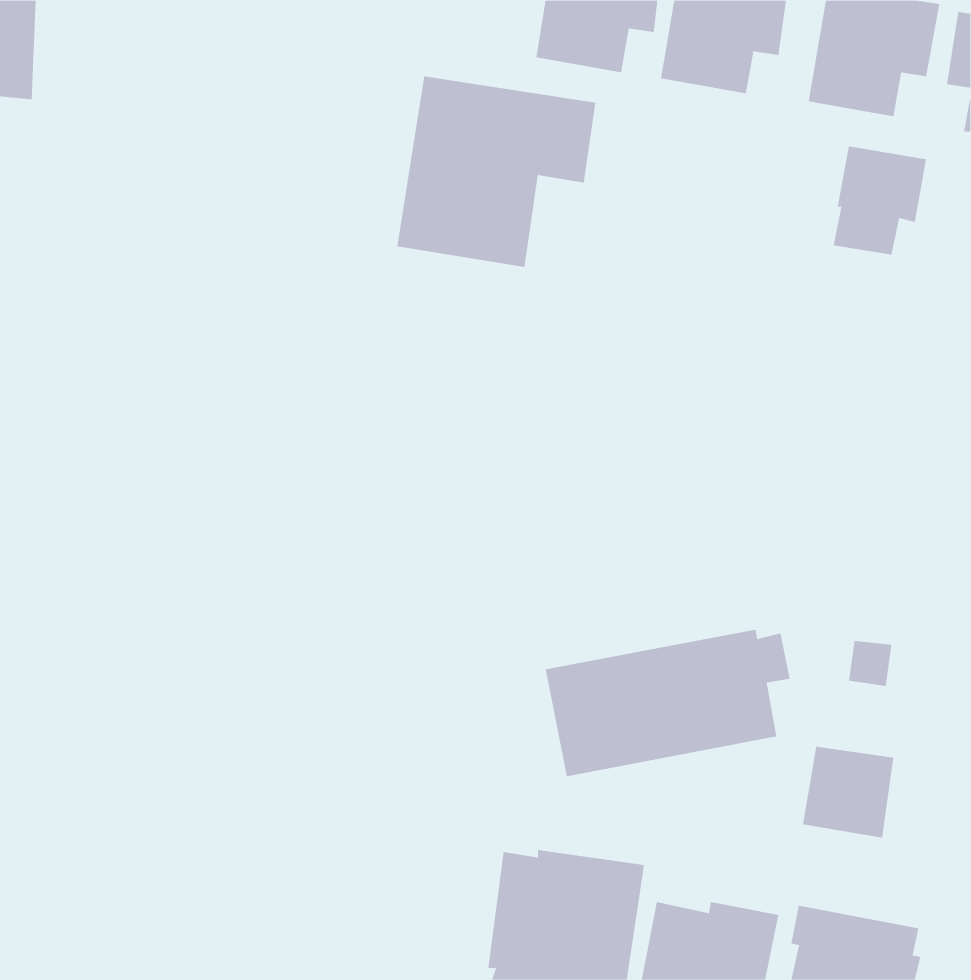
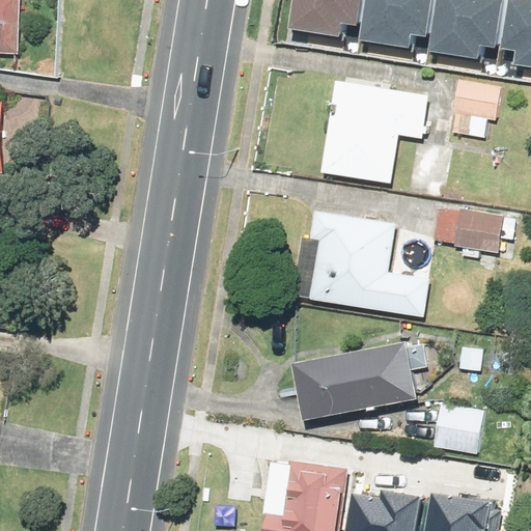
building: [397,76,596,268] -> [322,80,429,184]
building: none -> [432,207,514,253]
building: none -> [291,211,430,317]

